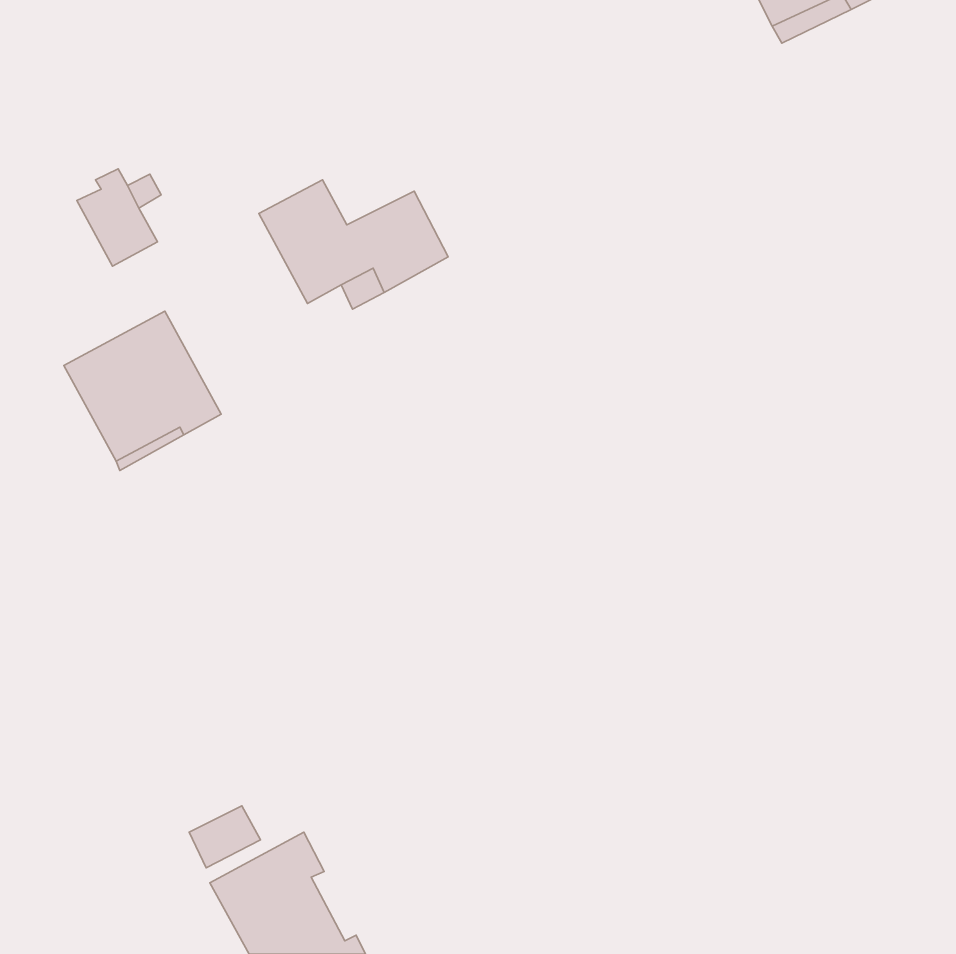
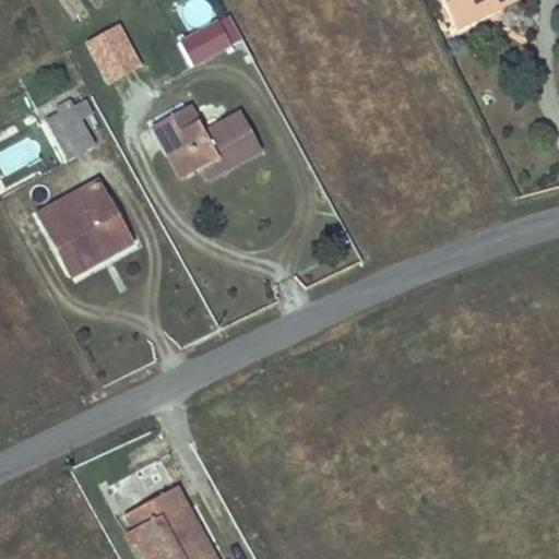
building: none -> [185,16,245,67]
building: none -> [87,24,139,80]

